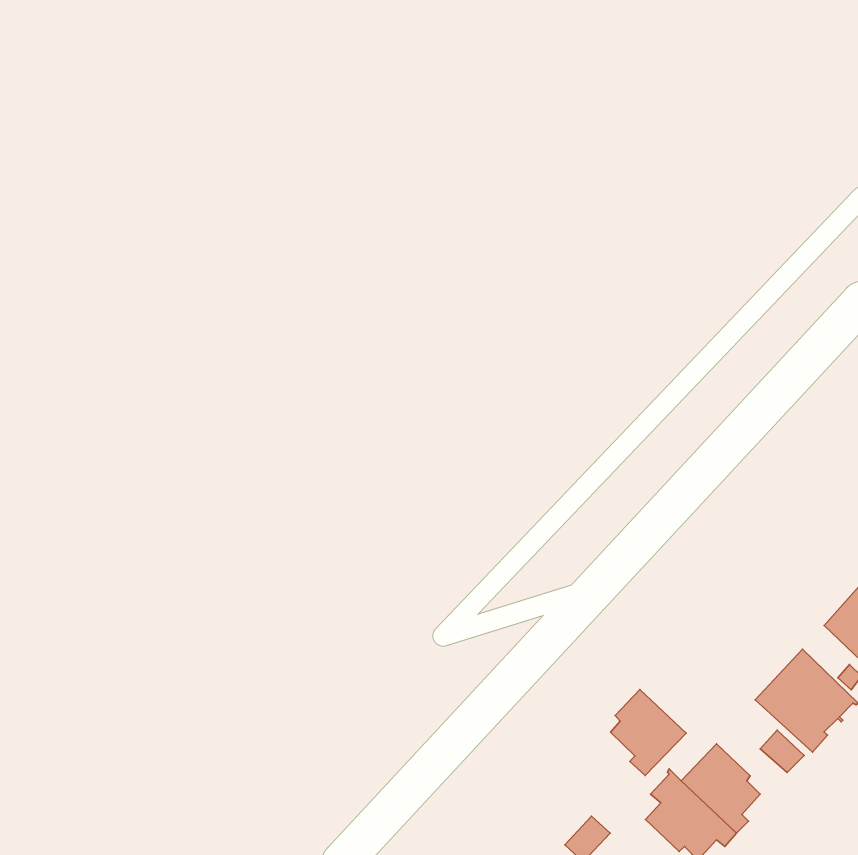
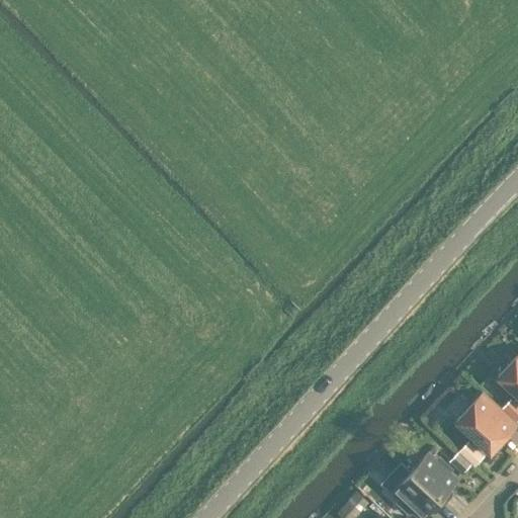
building: [610,689,686,775] -> none

